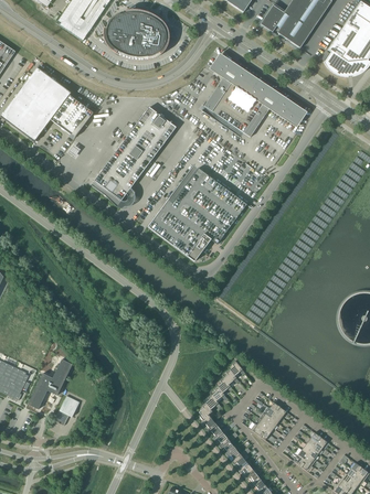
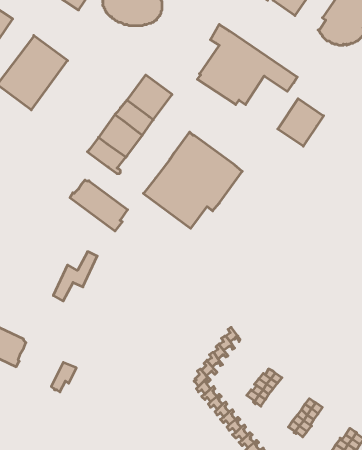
building: none -> [278,99,324,146]
building: none -> [70,180,128,231]
building: [28,358,72,408] -> [53,252,97,301]

